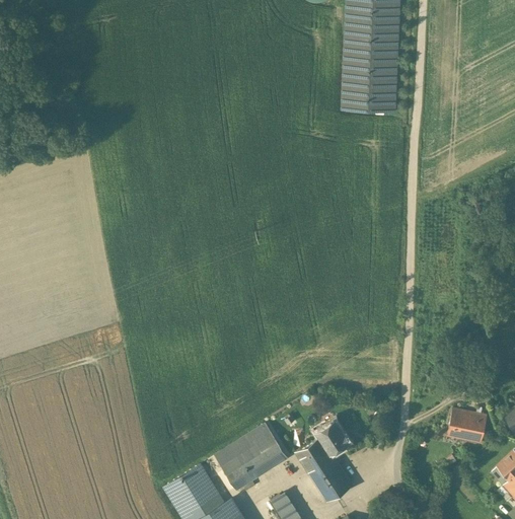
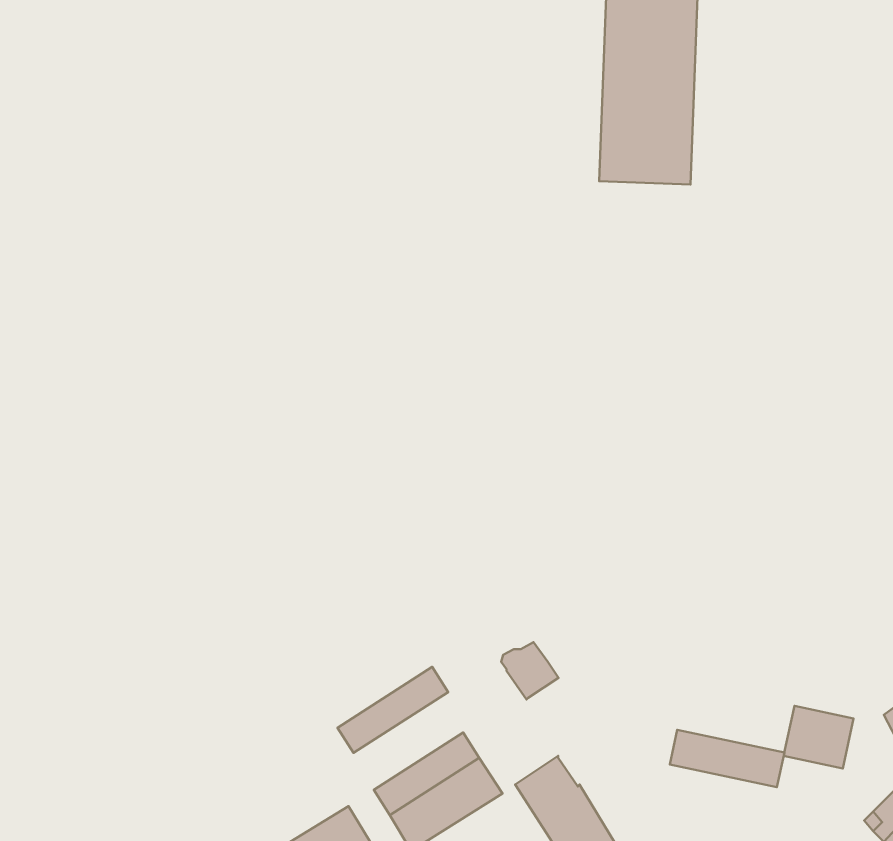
building: none -> [337,667,448,753]
building: [316,421,349,453] -> [501,642,559,699]
building: none -> [670,730,784,787]

